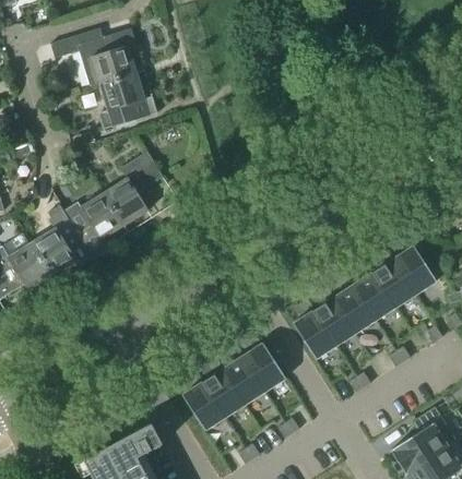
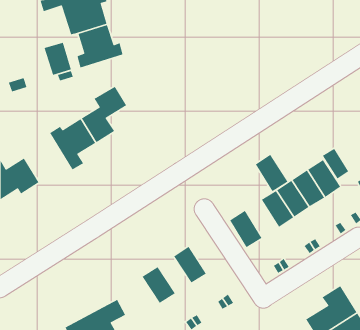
building: none -> [43,42,72,76]
building: [32,213,93,276] -> none
building: none -> [322,148,349,180]
building: [313,298,356,347] -> [255,154,288,192]
building: [241,344,285,393] -> none
building: [202,370,245,418] -> none

